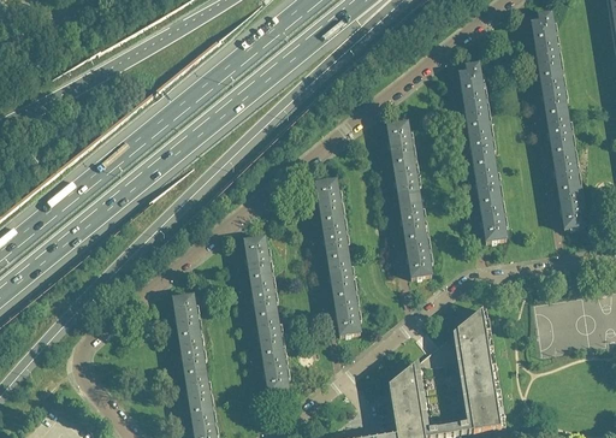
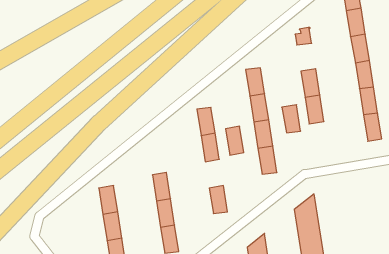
building: [461,87,488,128] -> none
building: [479,201,507,242] -> [282,105,301,133]
building: [244,238,271,279] -> none
building: [327,256,354,298] -> [226,126,244,155]

